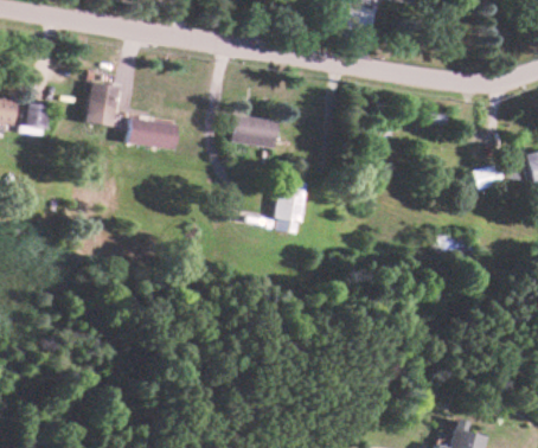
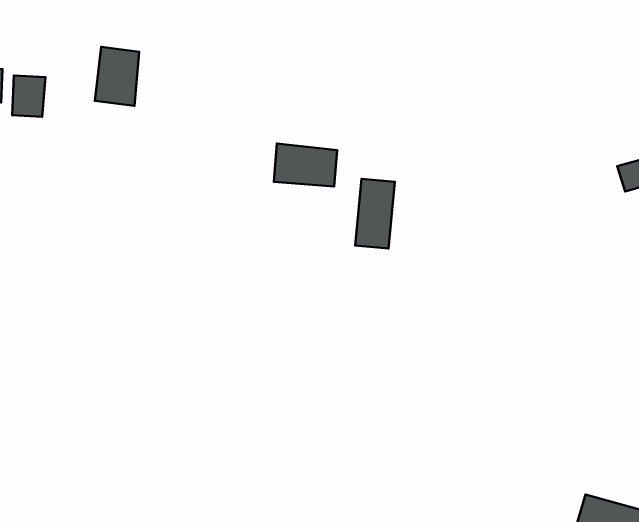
building: [230,115,277,147] -> [274,144,337,187]
building: [126,116,177,149] -> none

